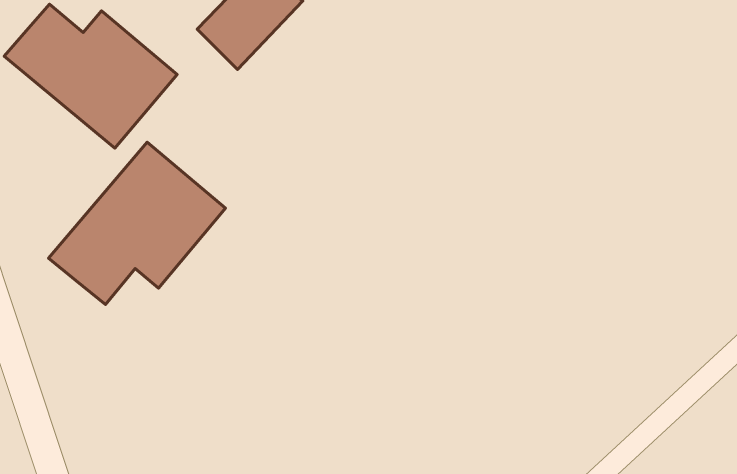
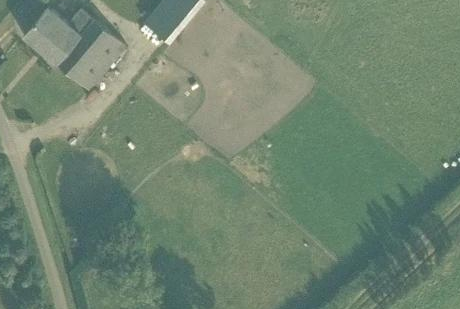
building: [49,142,225,304] -> none

